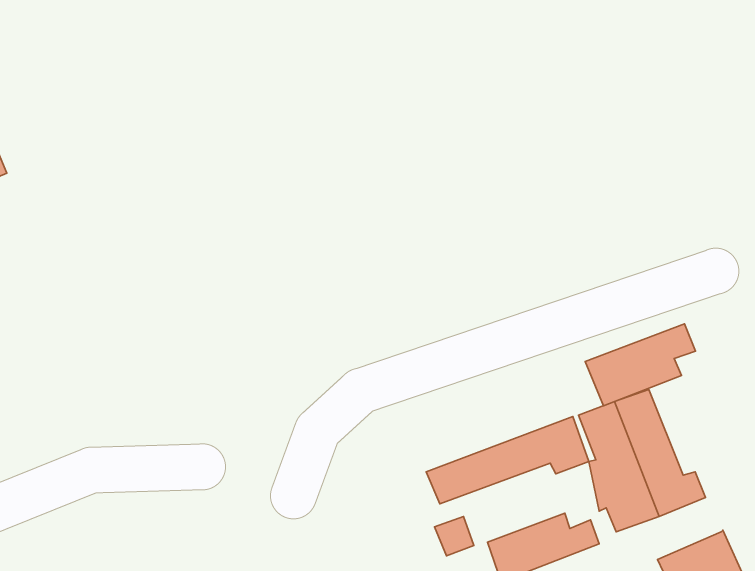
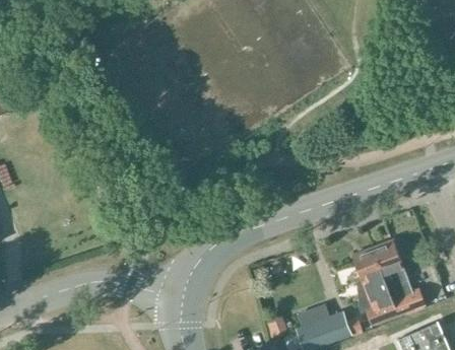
building: [585,324,695,406] -> none
building: [426,417,589,504] -> none

